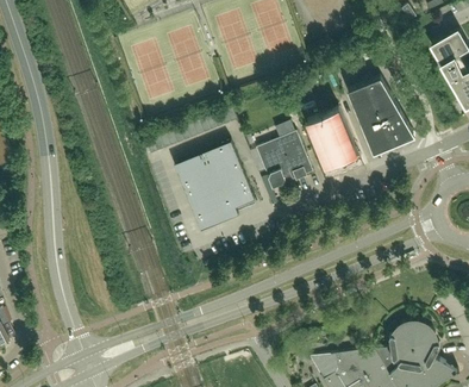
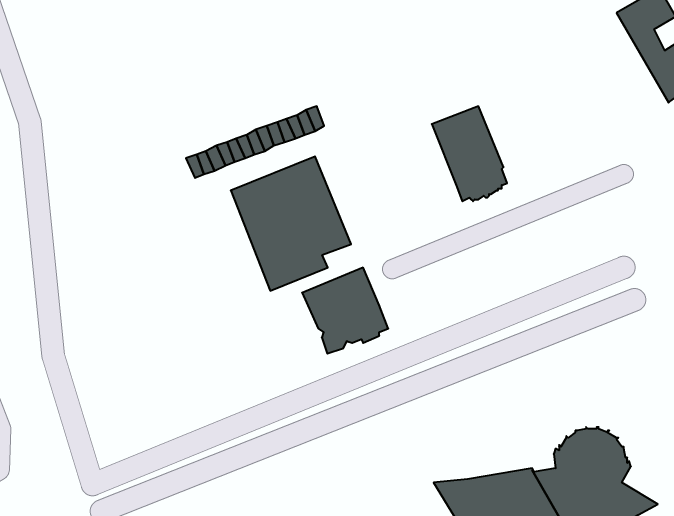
building: [346,76,414,151] -> none
building: [255,131,312,188] -> [302,268,388,354]

